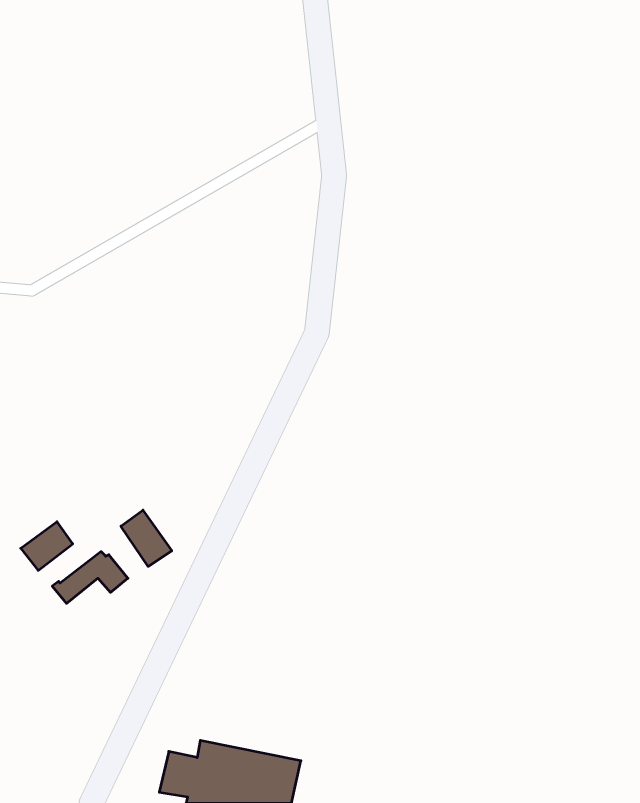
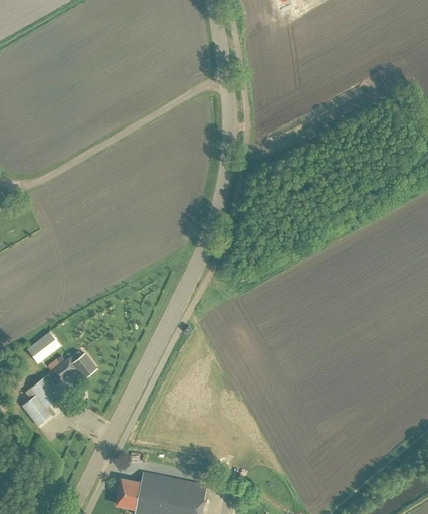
building: [121,510,172,566] -> none
building: none -> [22,378,59,427]

